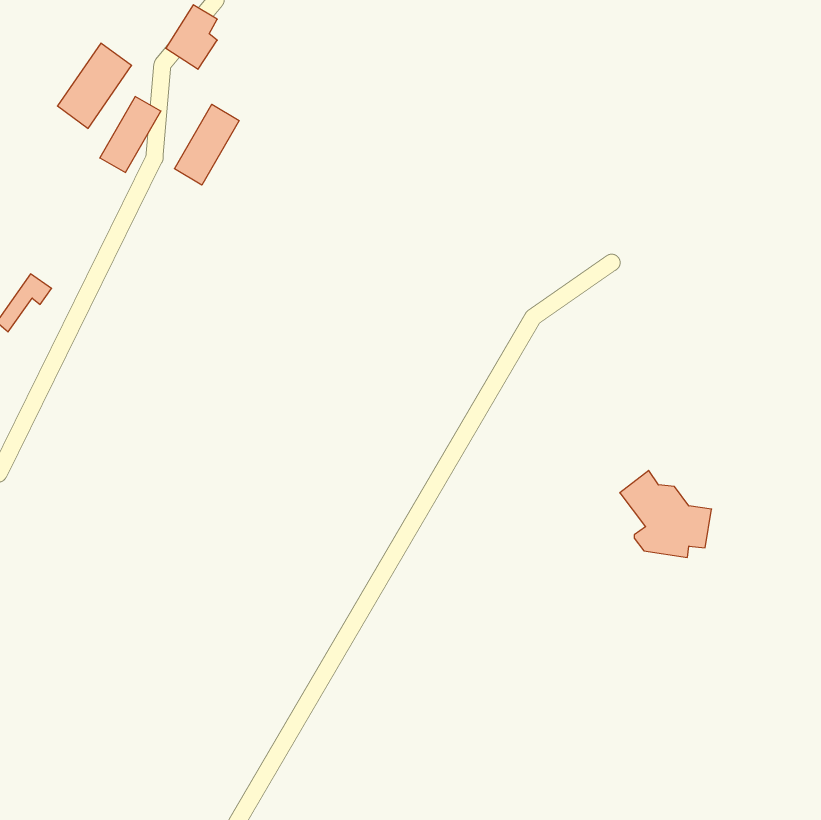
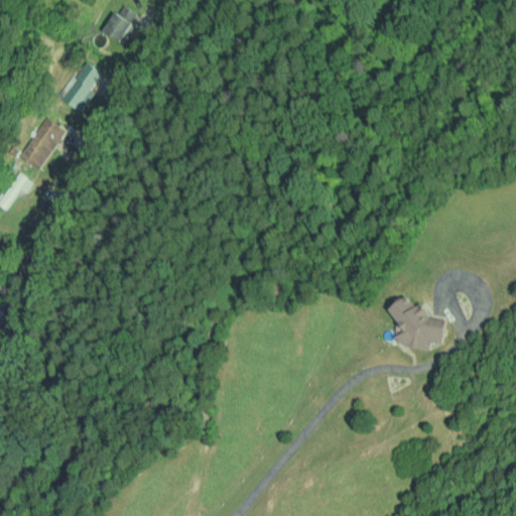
building: [57,43,132,128] -> [19,117,66,170]
building: [174,104,239,185] -> none

